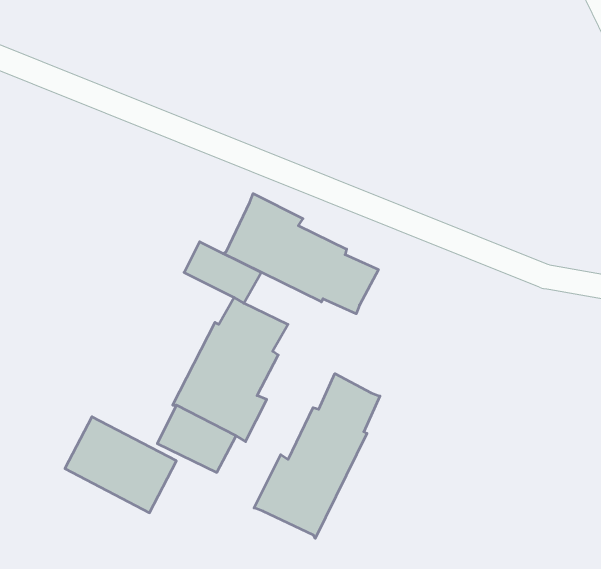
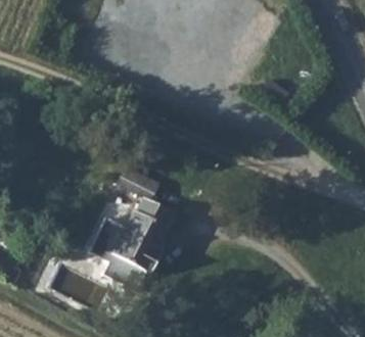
building: [223,194,378,314] -> none
building: [254,374,380,538] -> none

